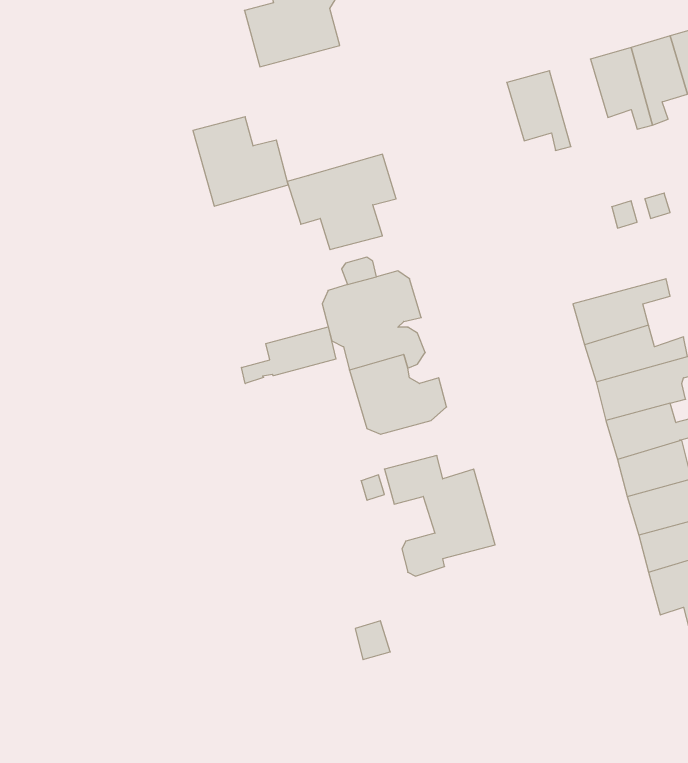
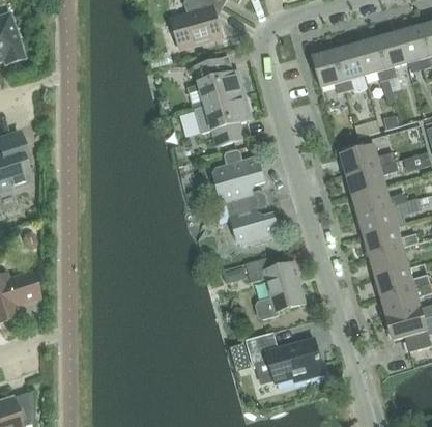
building: none -> [334,44,365,90]
building: [193,117,288,206] -> [194,58,244,106]
building: none -> [341,144,396,174]
building: [241,327,336,384] -> none
building: none -> [246,331,324,383]

